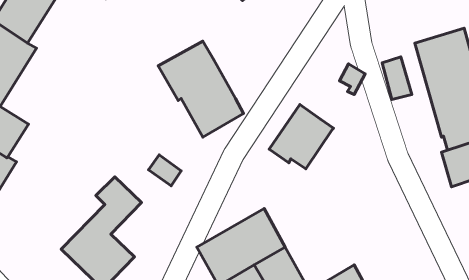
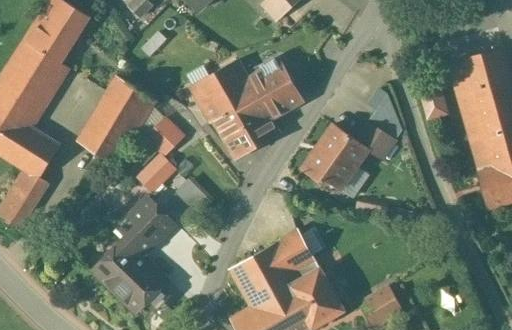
building: none -> [247,62,301,119]
building: none -> [77,76,155,165]
building: none -> [140,112,191,191]
building: none -> [355,122,394,160]

